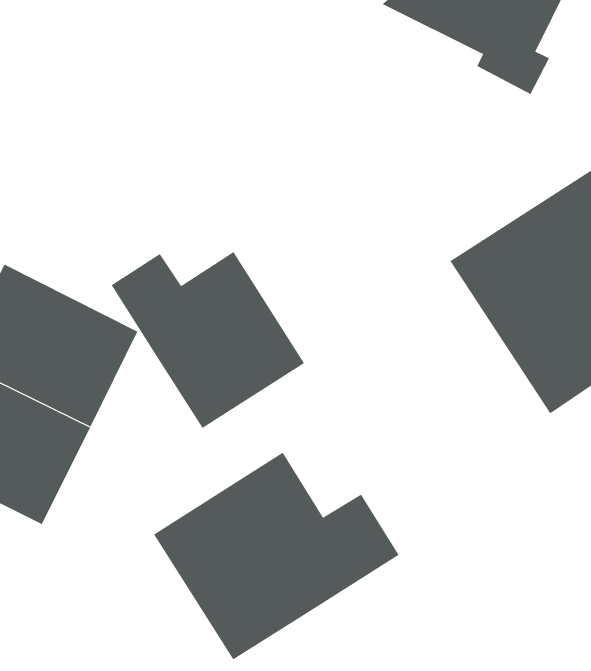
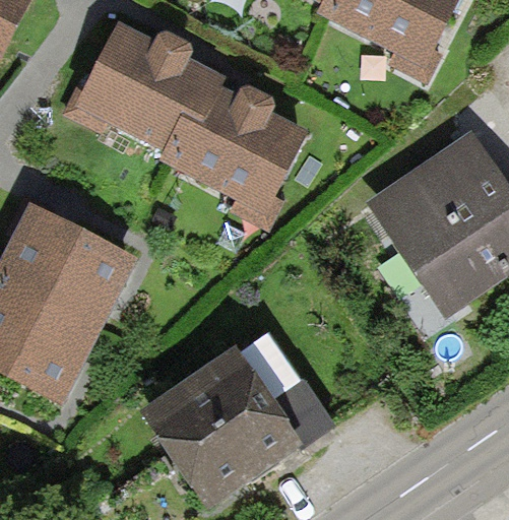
building: none -> [77,37,287,207]
building: [111,251,305,429] -> none

